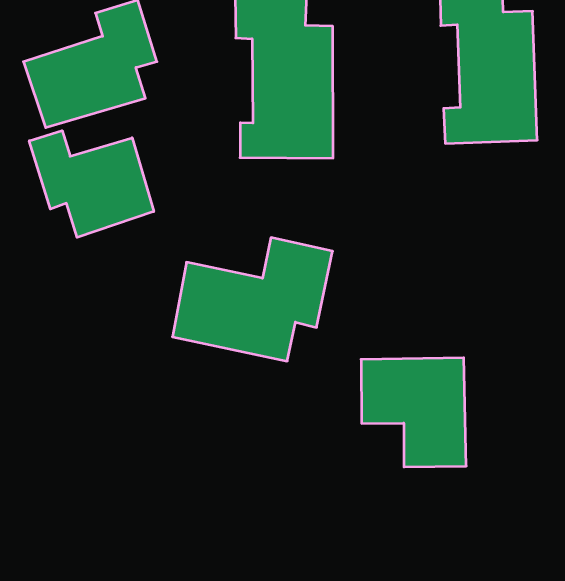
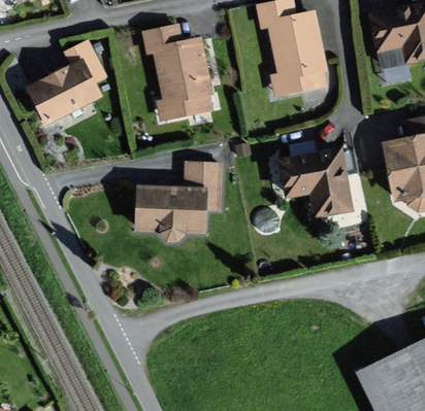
building: [29,131,154,237] -> none
building: [361,358,466,467] -> [282,148,351,215]

